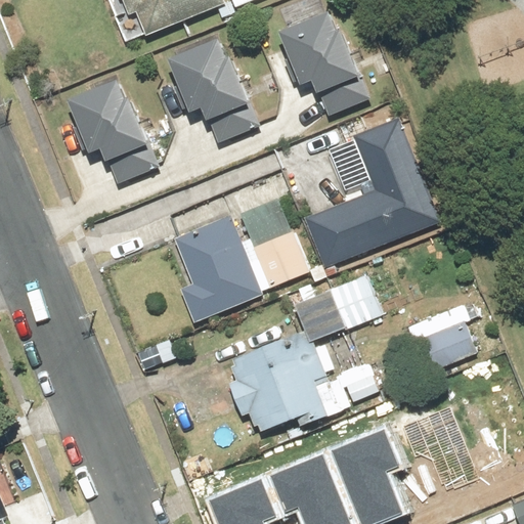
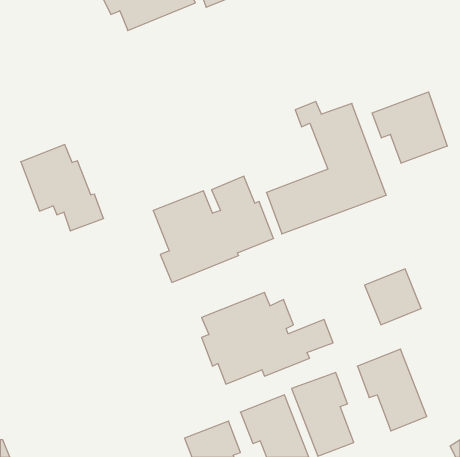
building: [277,16,370,115] -> none
building: [169,44,260,142] -> none
building: [64,84,159,182] -> [21,145,104,231]
building: none -> [372,92,447,163]
building: [288,274,384,345] -> none

